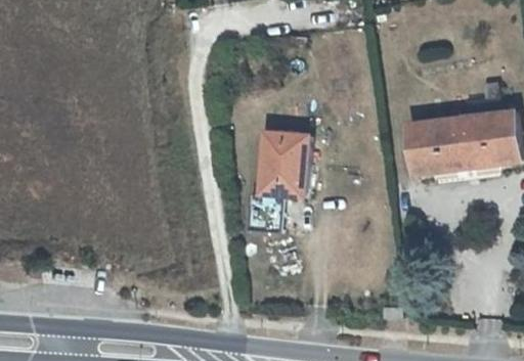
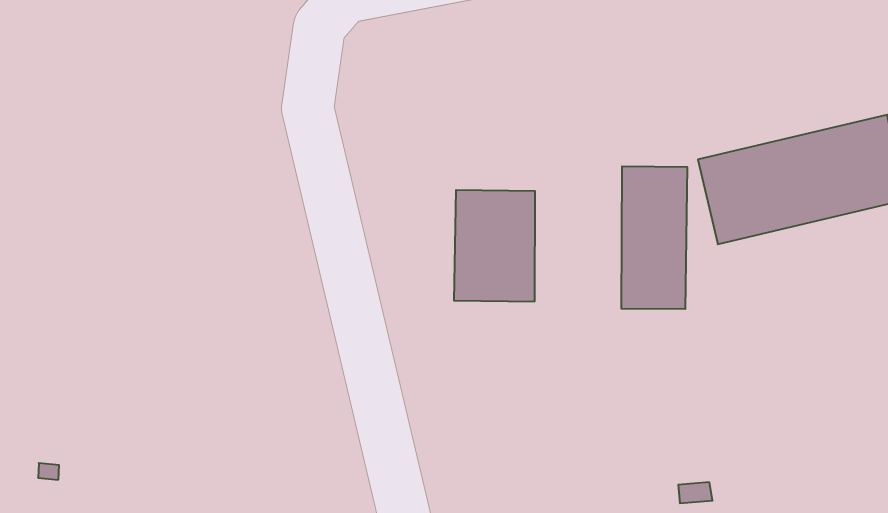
building: none -> [621,166,687,309]

